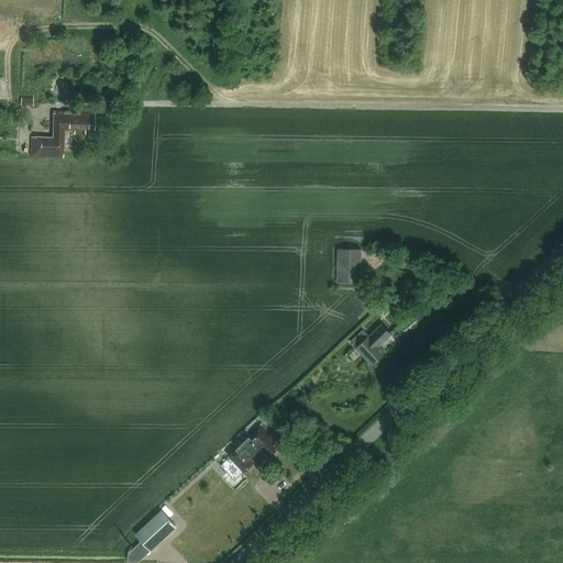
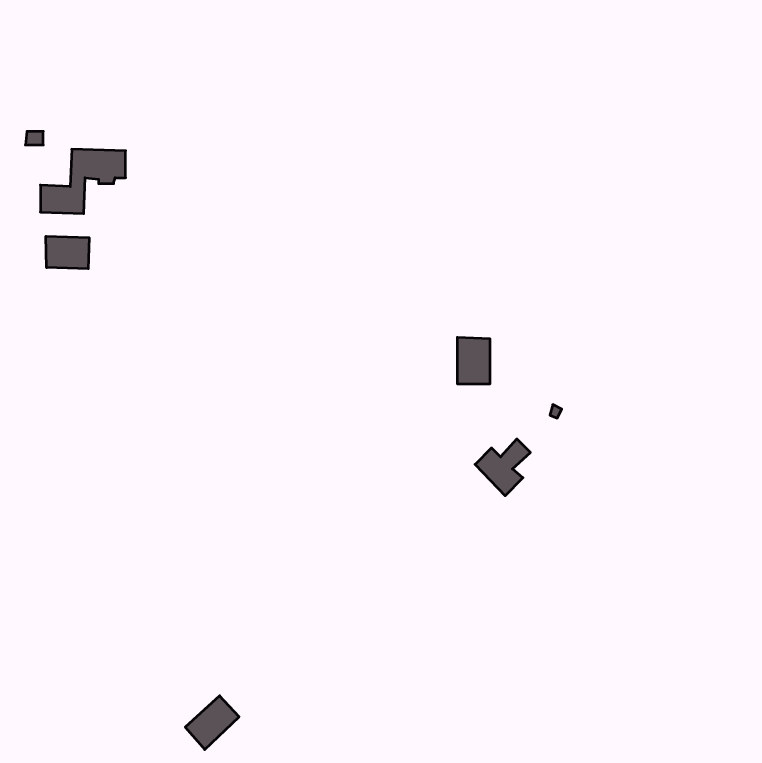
building: none -> [46,236,89,269]
building: [219,426,279,481] -> none

